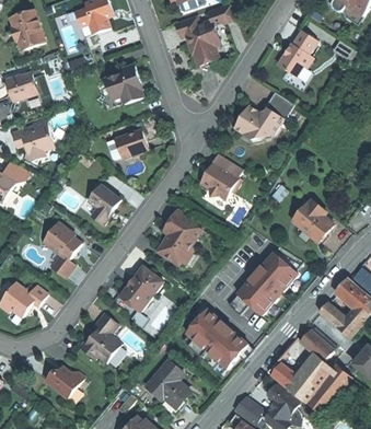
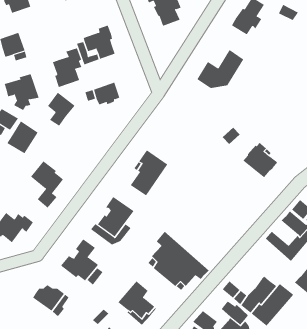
building: none -> [52,47,82,88]
building: [202,152,245,199] -> none
building: none -> [7,120,38,154]
building: [90,183,123,223] -> [47,92,75,126]
building: [227,244,300,315] -> none
building: [300,327,335,361] -> none

